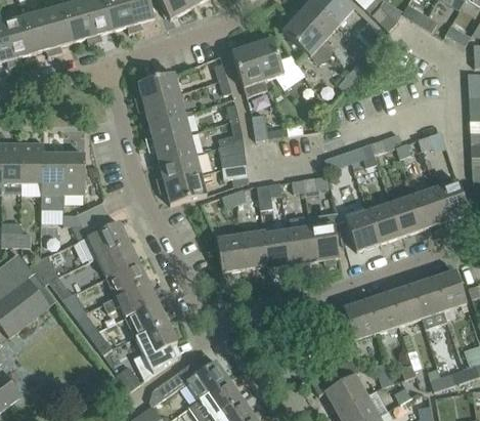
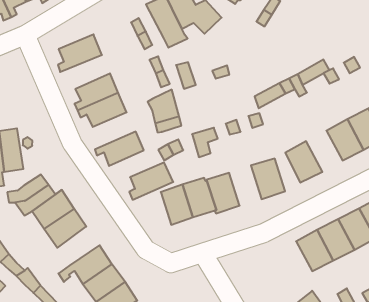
building: [136,93,185,123] -> none
building: [157,154,202,185] -> [129,163,173,200]
building: [368,203,401,243] -> none
building: [288,225,315,263] -> none
building: [106,260,148,296] -> none

